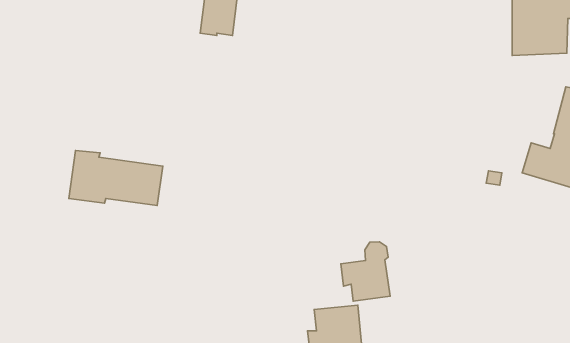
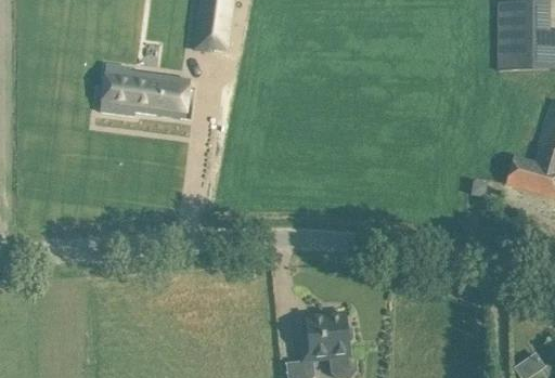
building: [69,151,163,205] -> [101,65,192,118]
building: [341,242,390,301] -> none

